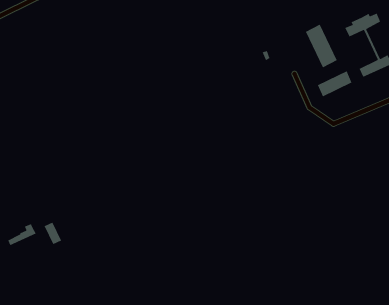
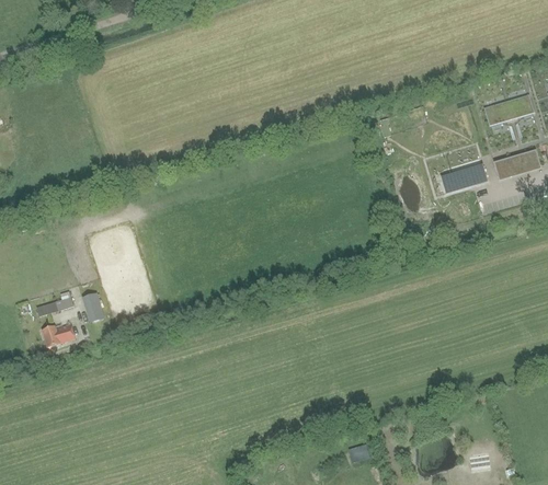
building: [305,24,338,68] -> none
building: none -> [42,324,75,347]

